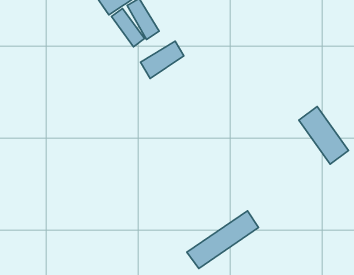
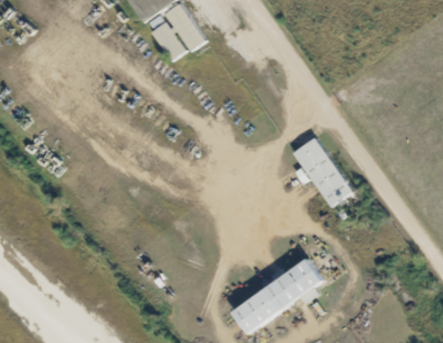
building: [141,41,184,78] -> none
building: [299,107,348,164] -> [293,136,353,206]

